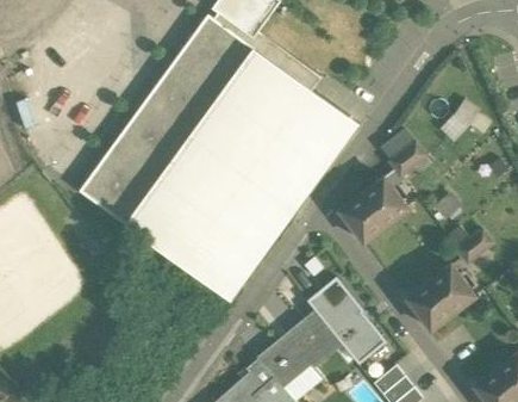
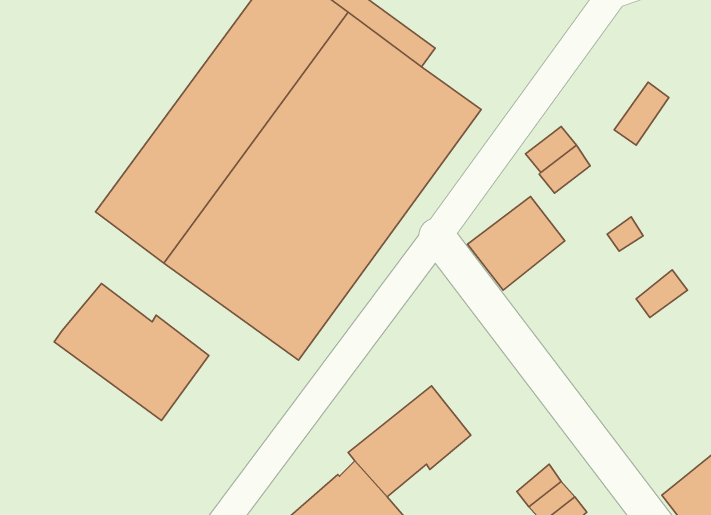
building: none -> [54,283,209,420]
building: [407,265,475,330] -> none
building: [307,279,388,365] -> none

